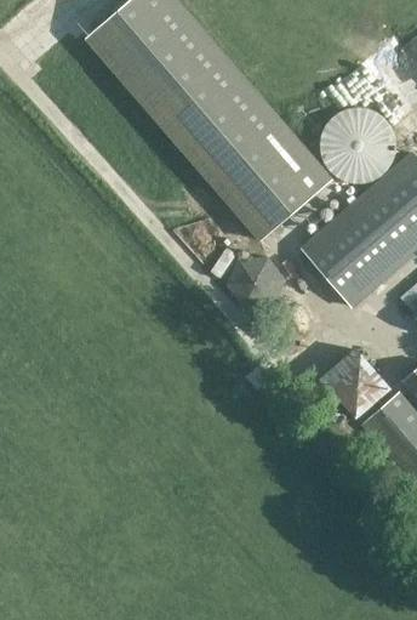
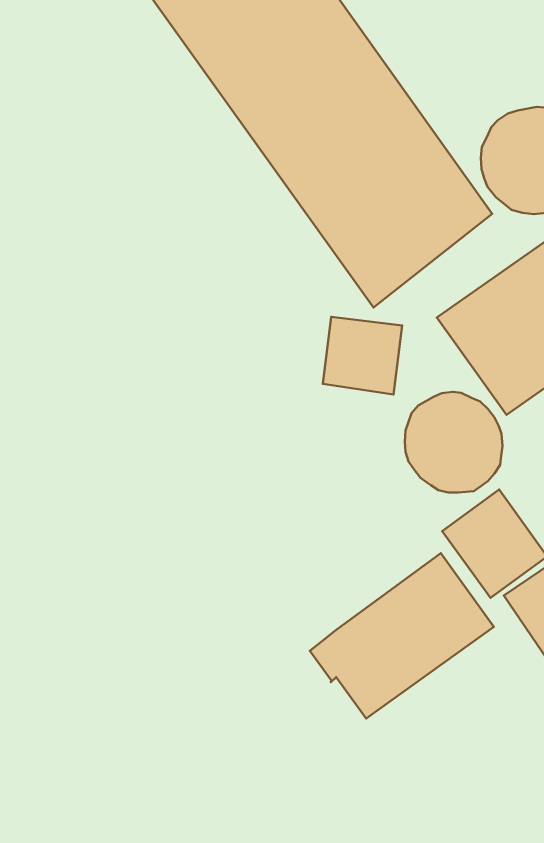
building: none -> [405,392,502,492]
building: none -> [310,553,494,719]

